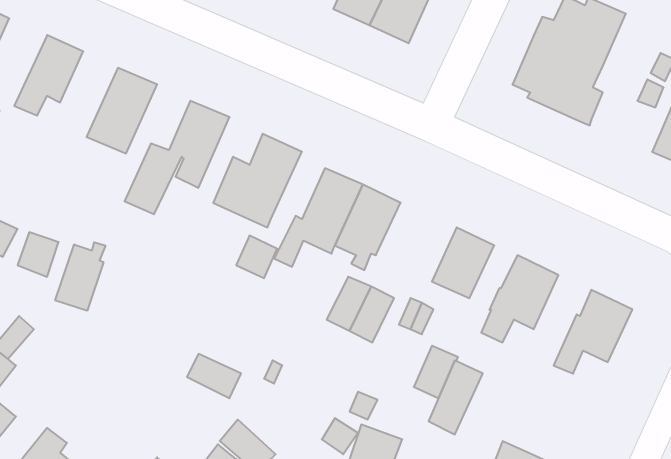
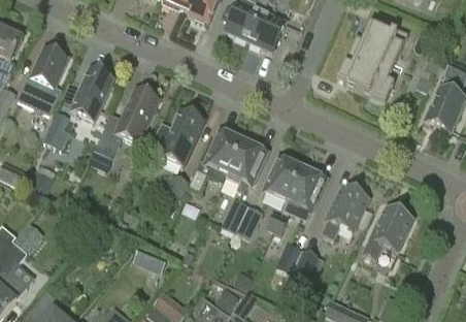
building: none -> [42,109,69,148]
building: none -> [264,156,302,200]
building: [55,242,105,311] -> none

